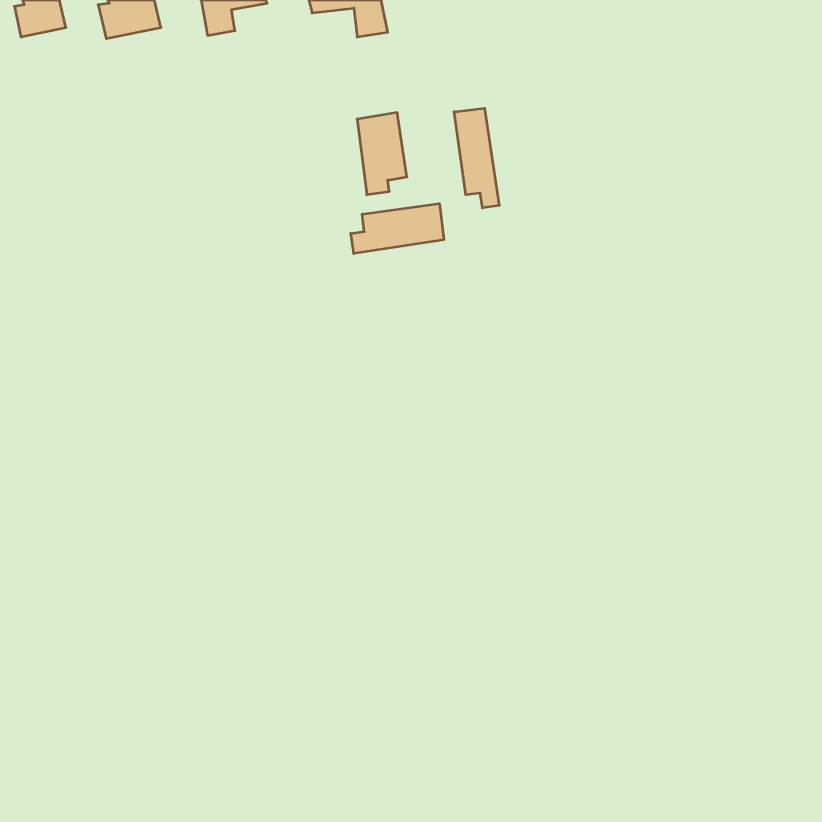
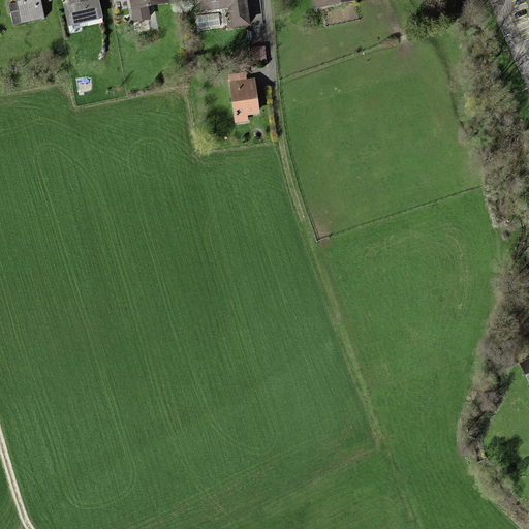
building: [454,108,499,208] -> none
building: [351,204,444,254] -> none

